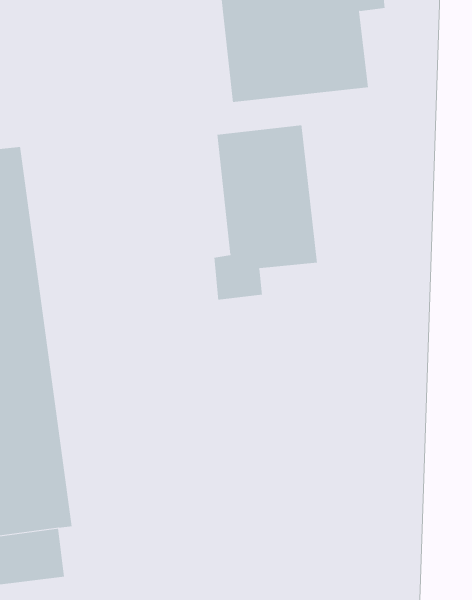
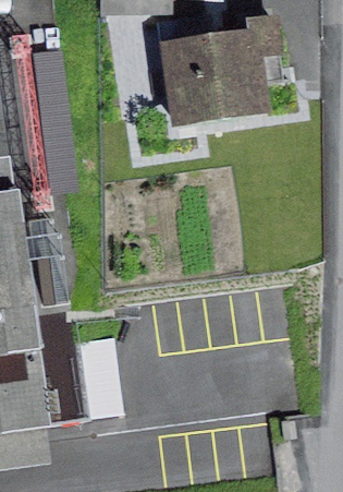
building: [214,124,317,301] -> none

